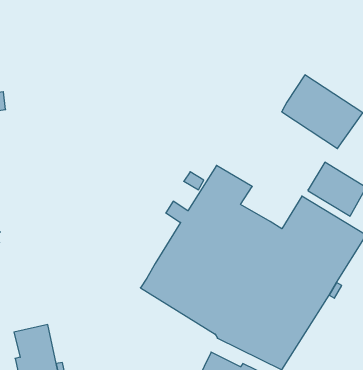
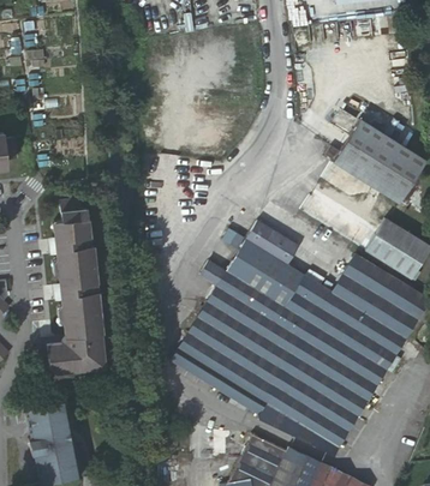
building: none -> [48,200,102,374]

